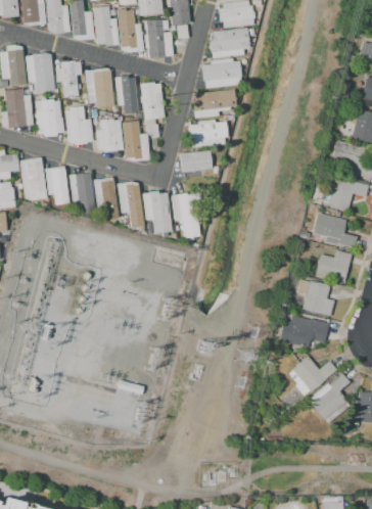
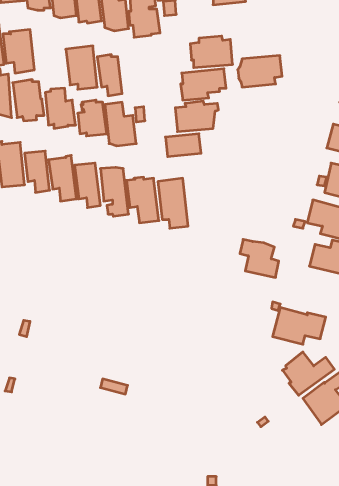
building: [208,29,250,58] -> [238,56,282,87]
building: [55,61,82,98] -> none
building: [141,82,165,120] -> none
building: [297,280,334,316] -> [240,239,279,277]

